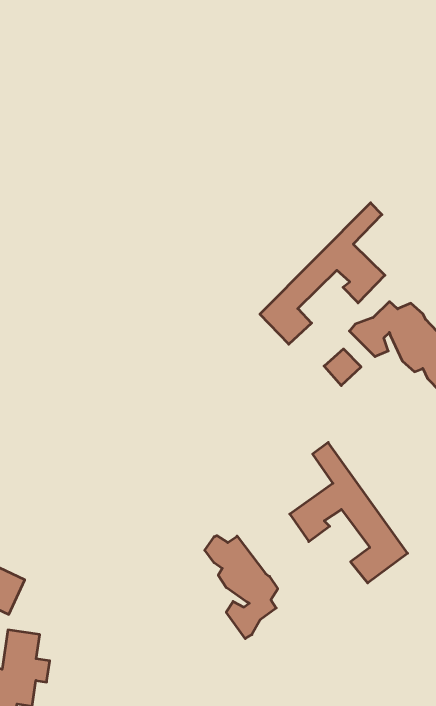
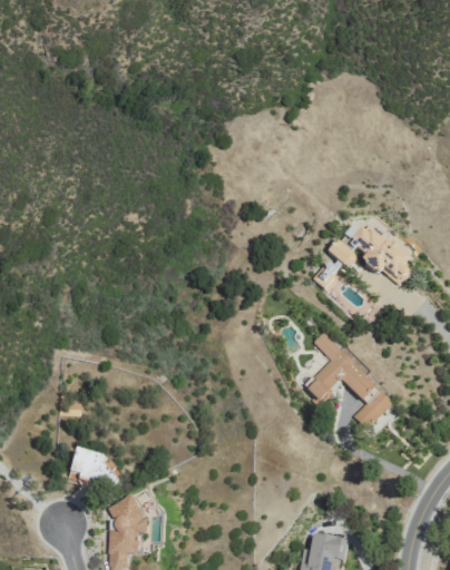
building: [260,203,385,344] -> none
building: [205,536,278,639] -> none

